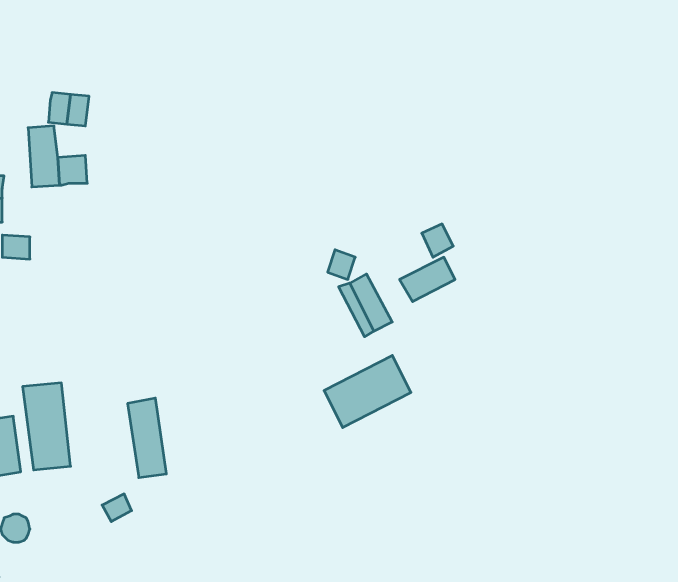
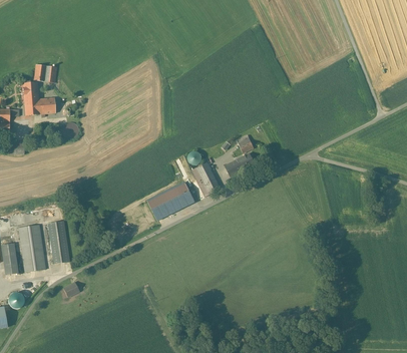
building: [324,355,411,428] -> [146,182,193,221]
building: [128,398,166,478] -> [47,221,68,264]

